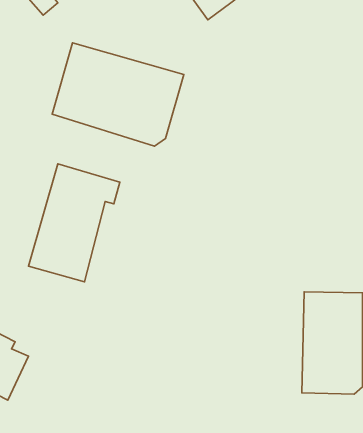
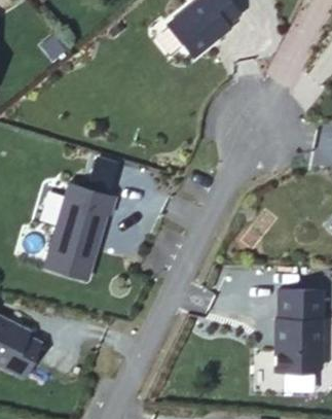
building: [52,43,184,146] -> none

